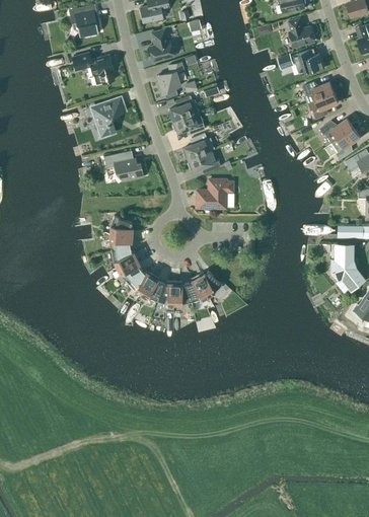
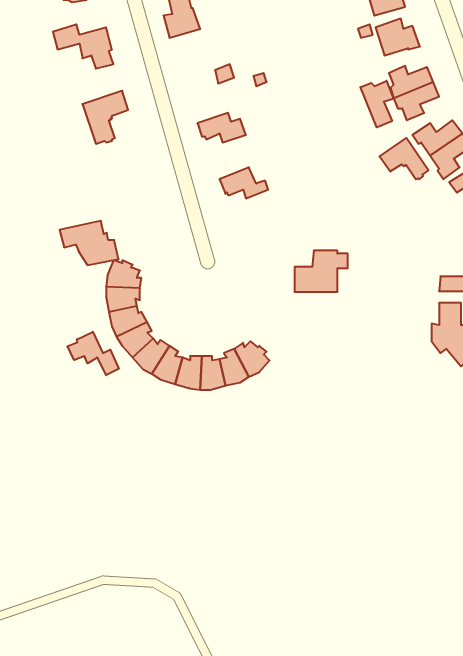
building: [156,62,182,98] -> none
building: none -> [360,81,394,127]
building: [168,95,199,121] -> none
building: none -> [379,138,428,179]
building: [182,133,209,159] -> none
building: [102,150,143,180] -> [60,221,119,265]
building: [196,179,232,208] -> [295,251,348,292]
building: none -> [67,332,119,375]

